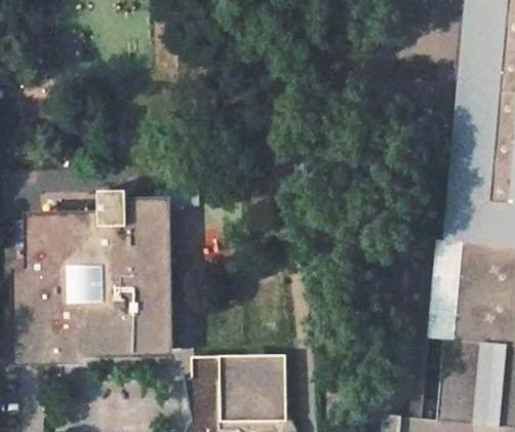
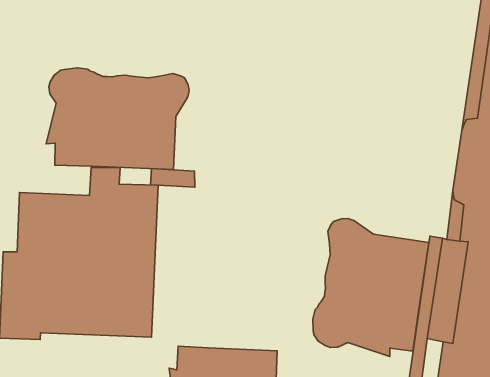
building: none -> [46,68,189,170]
building: none -> [313,219,429,357]

